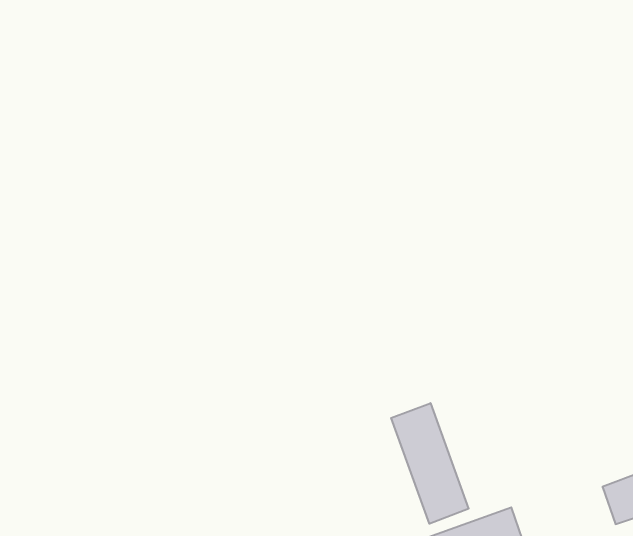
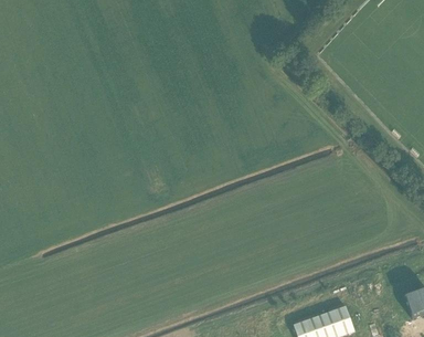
building: [391,403,469,524] -> none

